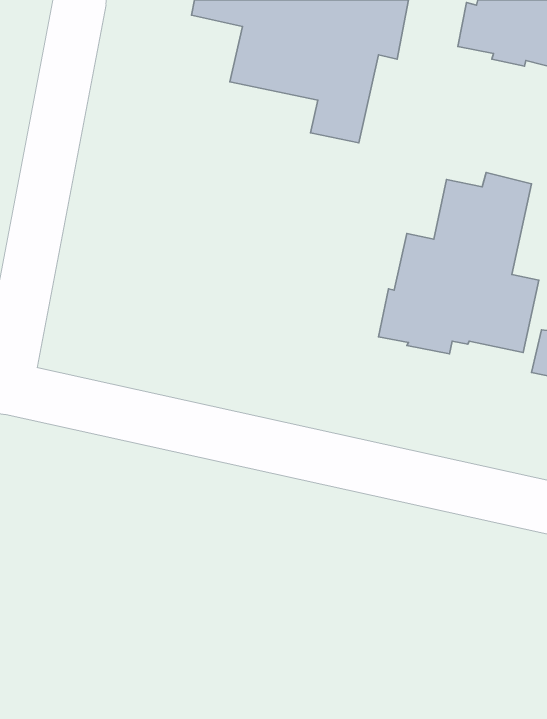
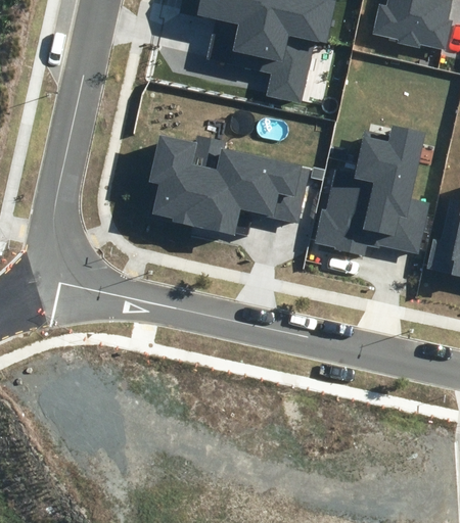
building: none -> [148,134,310,234]

